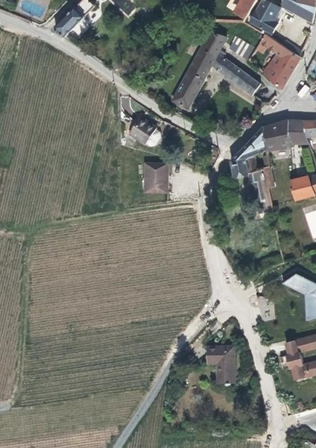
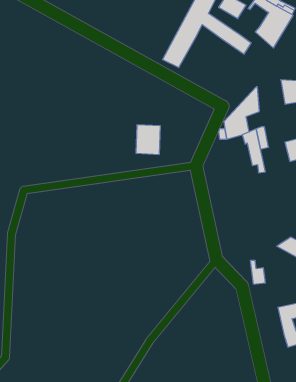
building: [129,117,160,145] -> none
building: [264,119,291,151] -> none
building: [207,345,234,382] -> none

